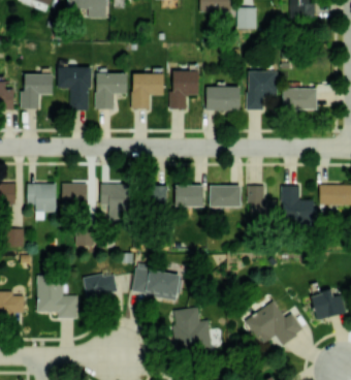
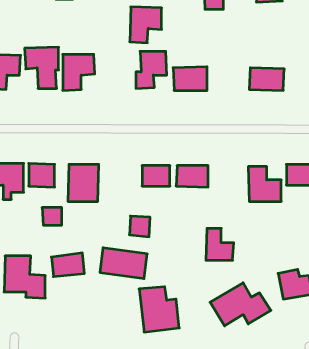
building: [248,70,278,109] -> none
building: [132,72,164,108] -> [130,7,162,43]
building: [250,185,278,217] -> [206,228,234,260]
building: [148,186,168,207] -> [129,216,150,237]

